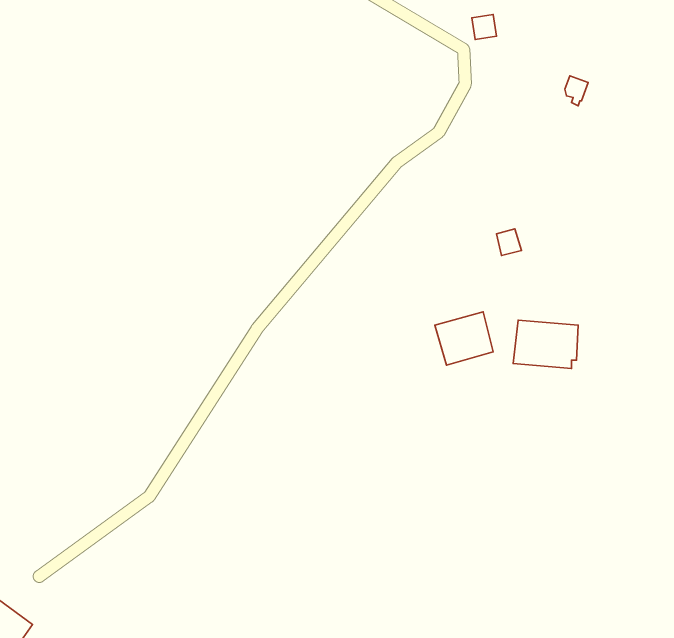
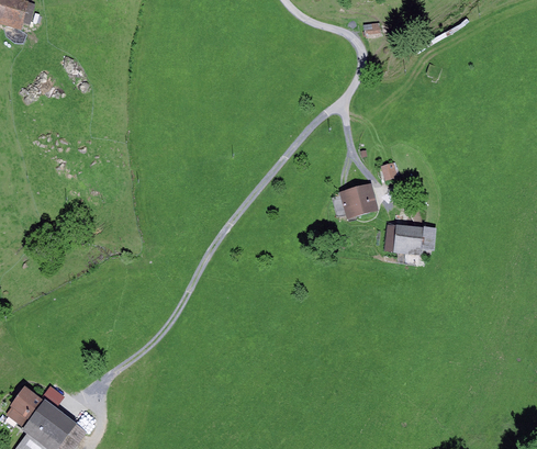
building: [435,312,493,365] -> [338,182,377,217]

